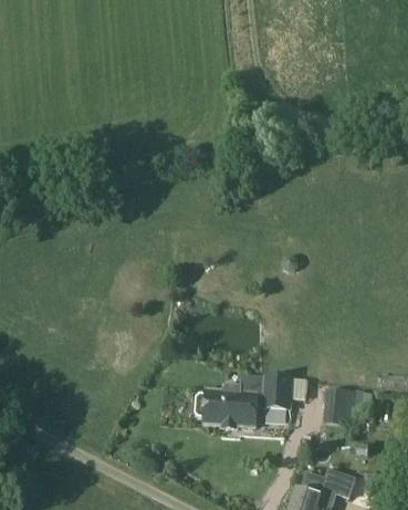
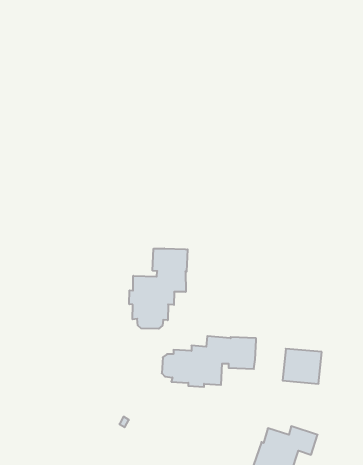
building: none -> [129,248,188,329]

